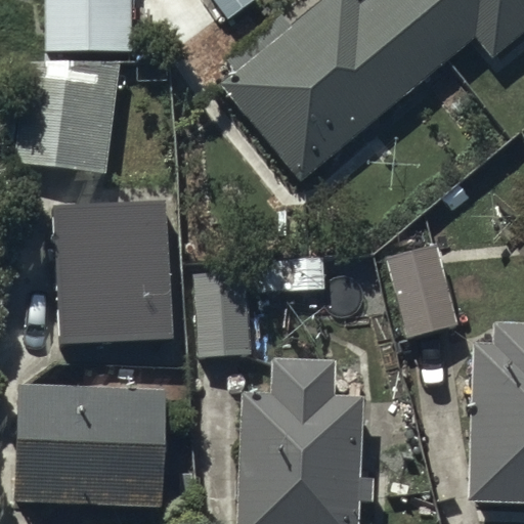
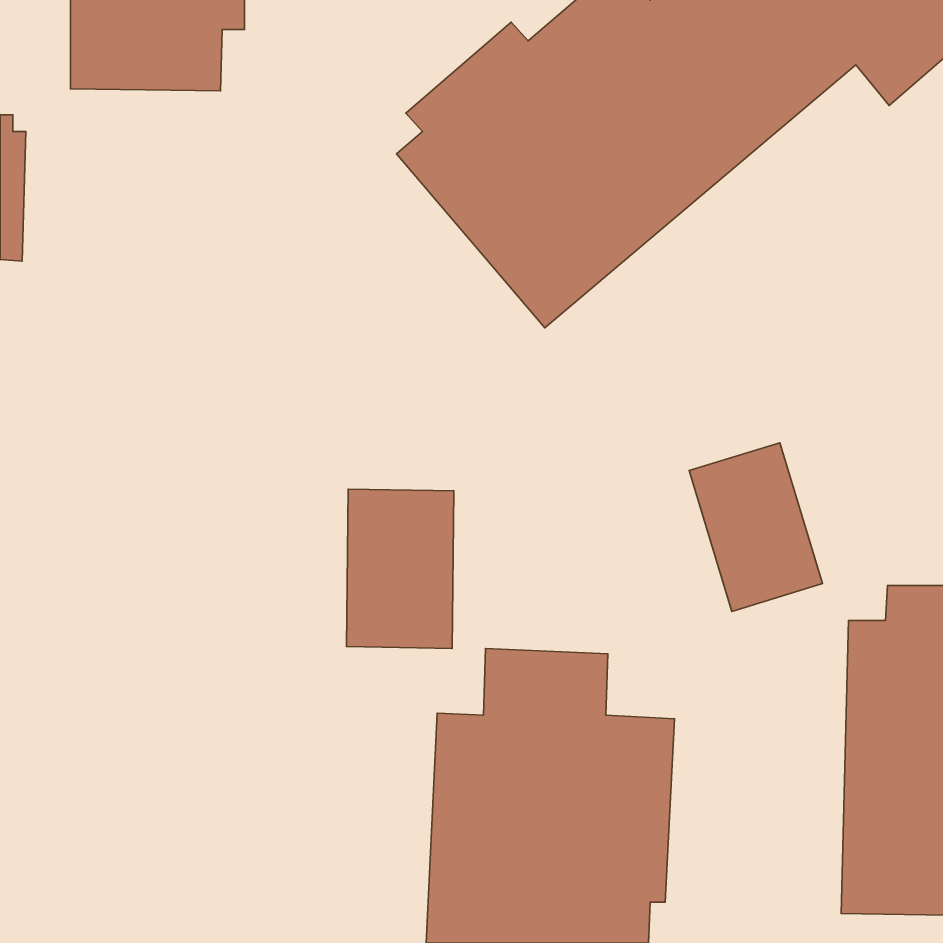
building: [16,63,116,186] -> none
building: [53,208,177,353] -> none
building: [12,381,169,506] -> none

